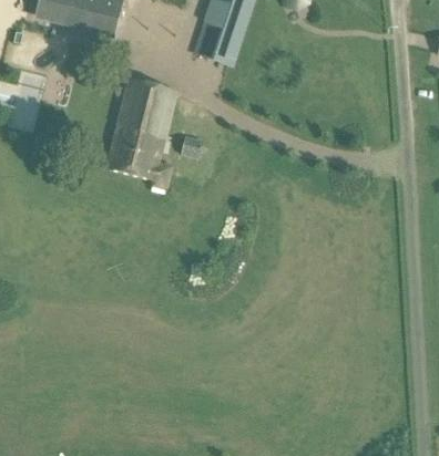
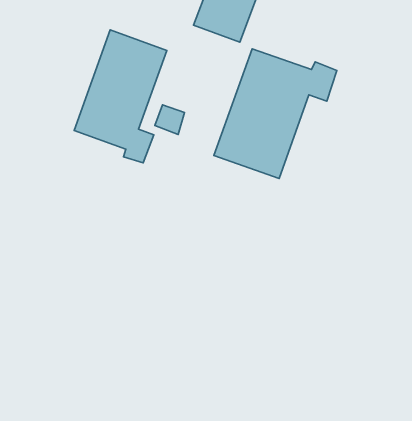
building: none -> [214,49,337,179]

